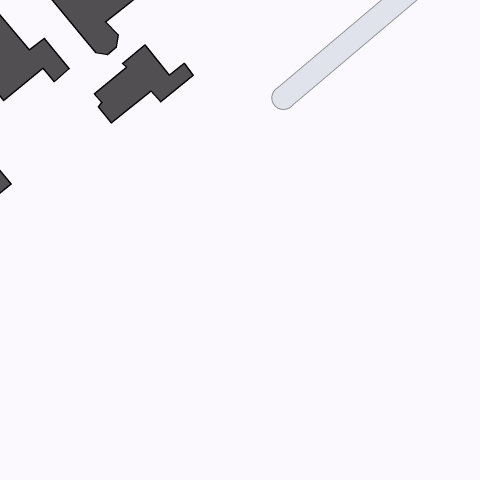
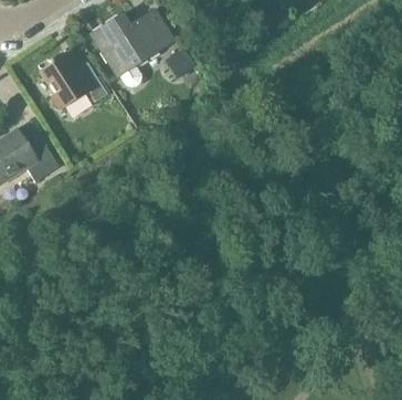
building: [94,45,193,123] -> none

